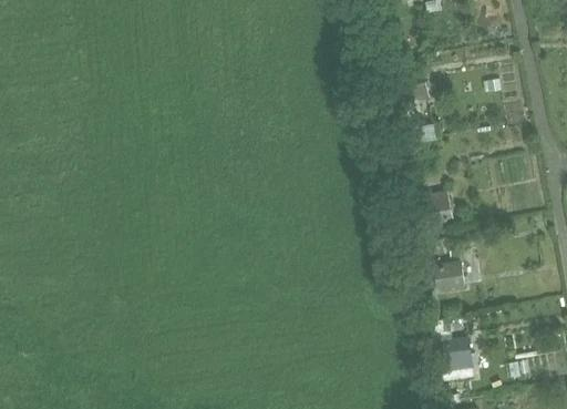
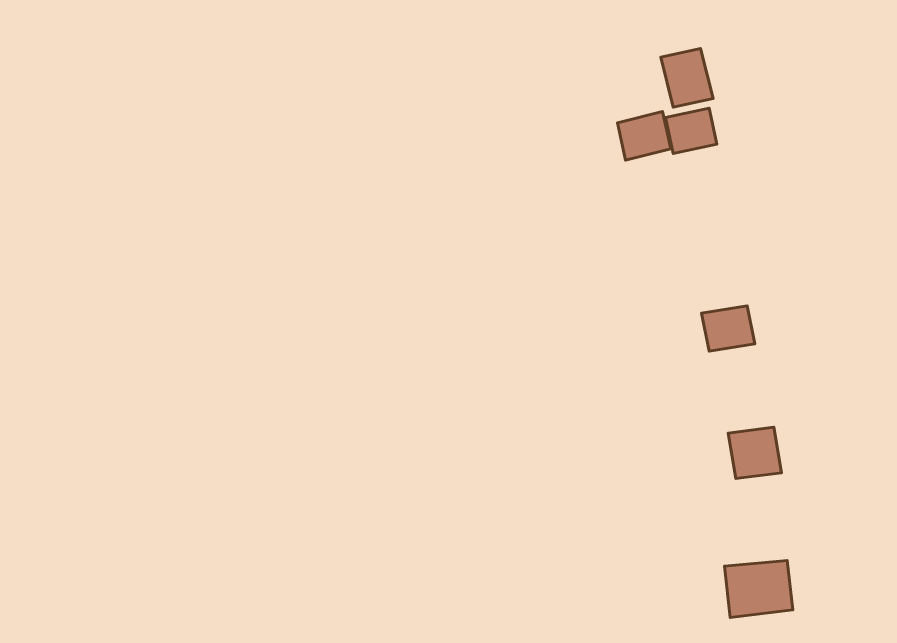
building: none -> [661,49,713,107]
building: none -> [618,112,671,160]

